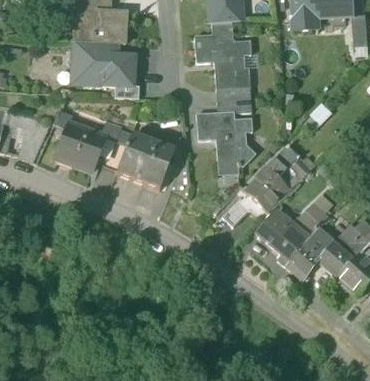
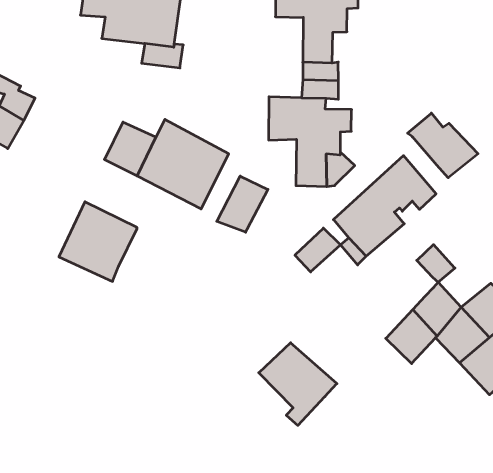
building: none -> [408,113,478,178]
building: [55,123,104,173] -> [59,202,137,281]
building: none -> [217,176,268,232]
building: [257,211,308,264] -> [259,343,337,425]

